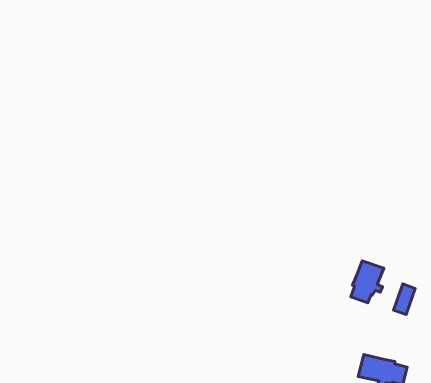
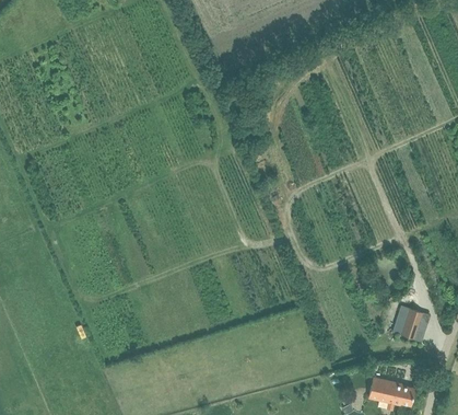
building: [351,261,384,303] -> none

